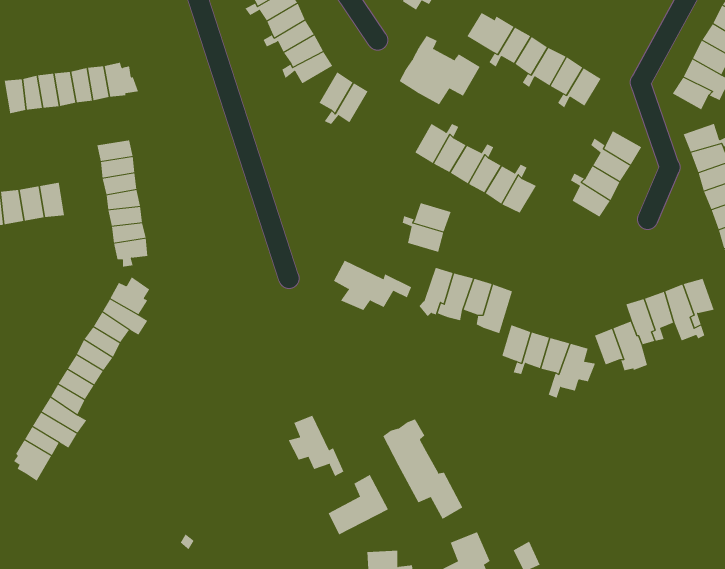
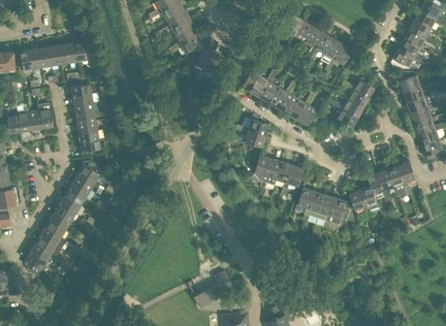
building: [399,35,480,105] -> none
building: [333,260,412,311] -> none
building: [288,415,344,477] -> none
building: [383,418,463,520] -> none

